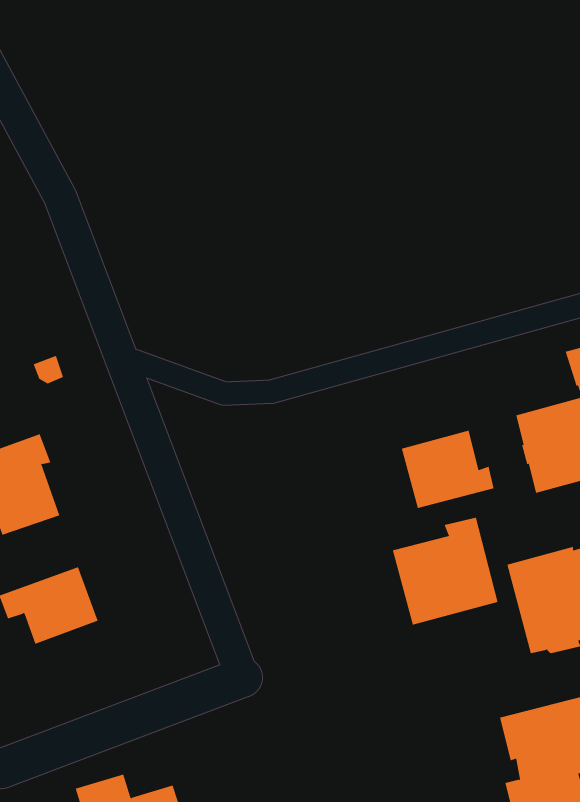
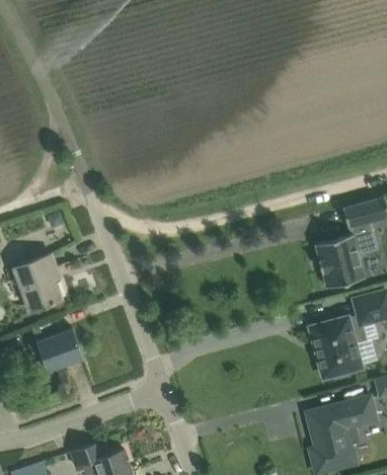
building: [401,430,494,509] -> none
building: [392,517,498,625] -> none

